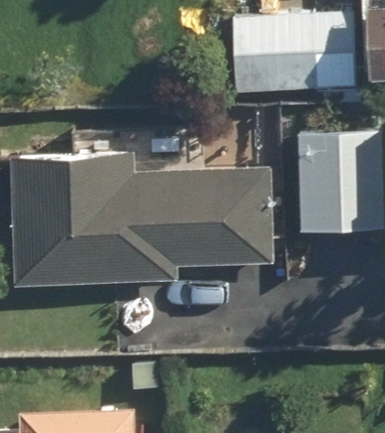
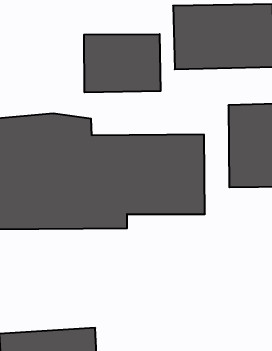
building: none -> [84,34,161,92]

